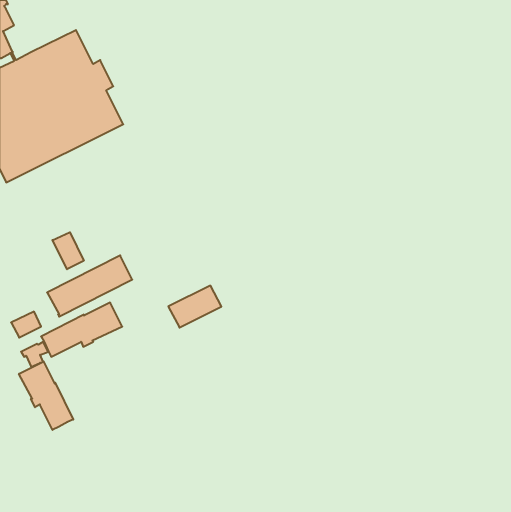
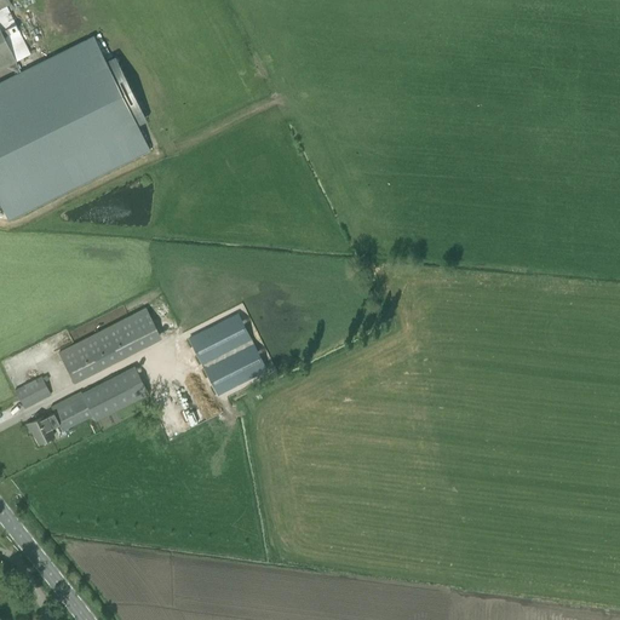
building: [52,232,84,269] -> none
building: none -> [188,315,252,366]
building: [19,361,73,430] -> none

